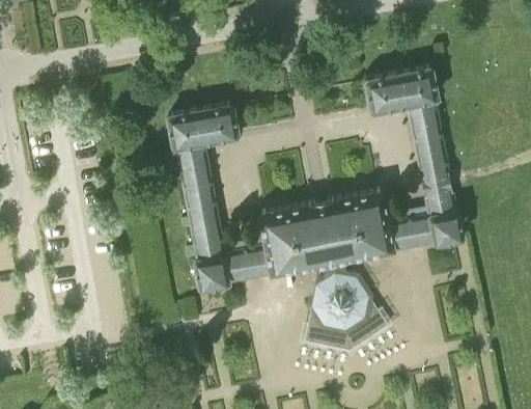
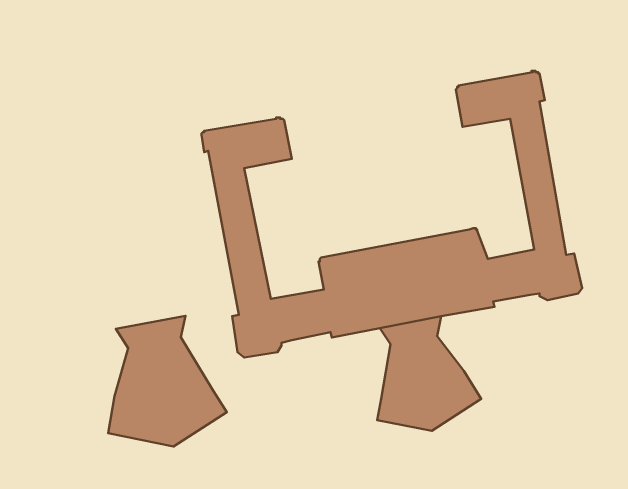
building: none -> [108,316,227,446]

